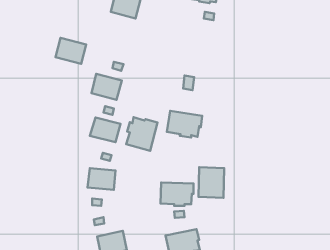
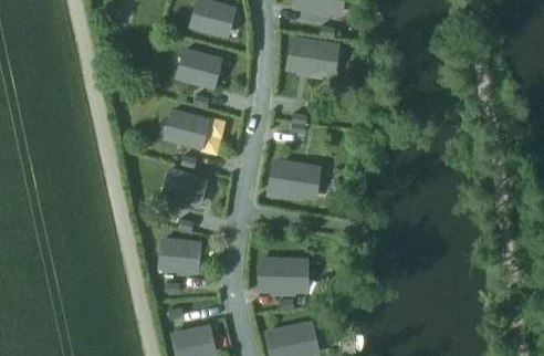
building: none -> [289,39,337,75]
building: [56,38,86,64] -> [178,50,220,85]
building: [126,117,158,151] -> none
building: [198,167,224,198] -> none

